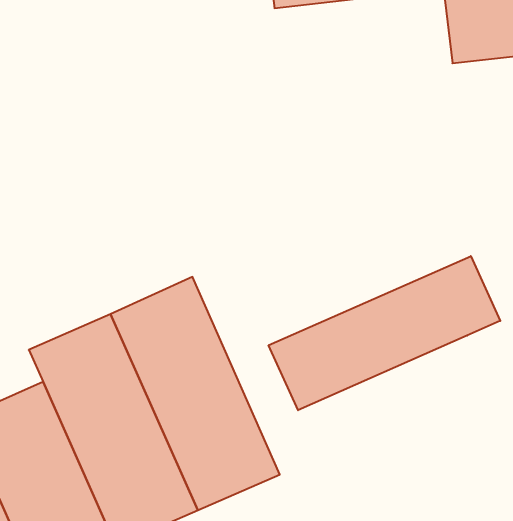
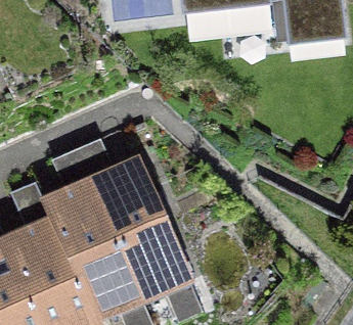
building: [269,256,500,410] -> none

